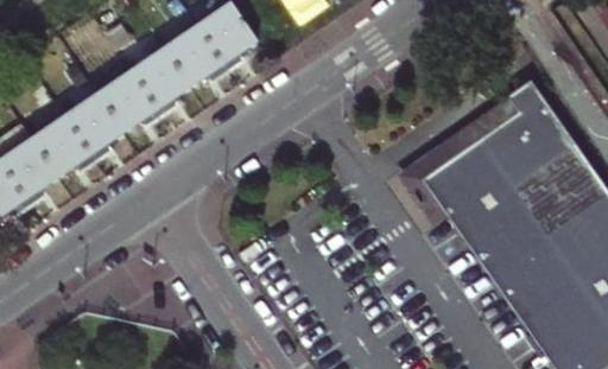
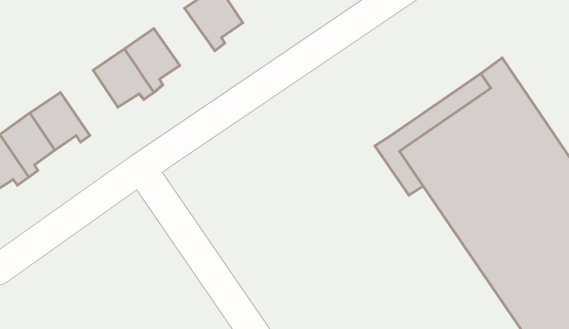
building: [165,25,229,85] -> none
building: [66,90,127,159] -> none

